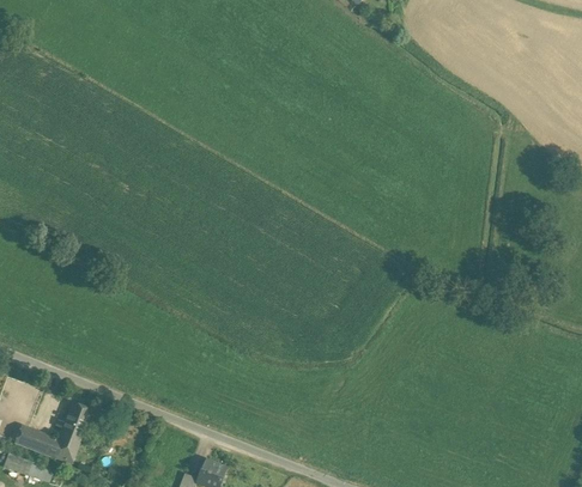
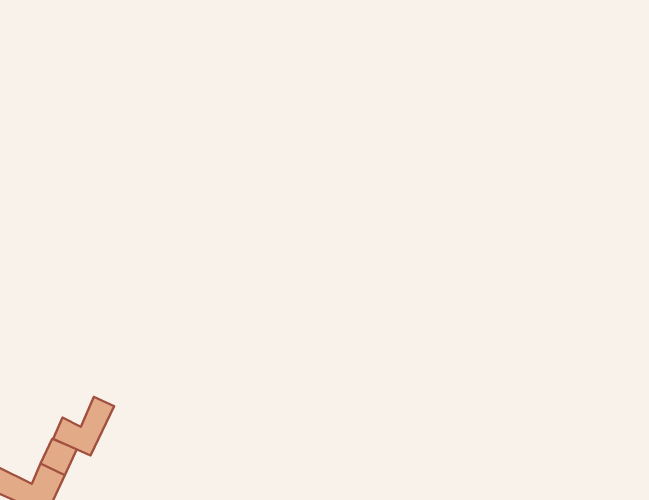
building: none -> [53,397,114,455]

